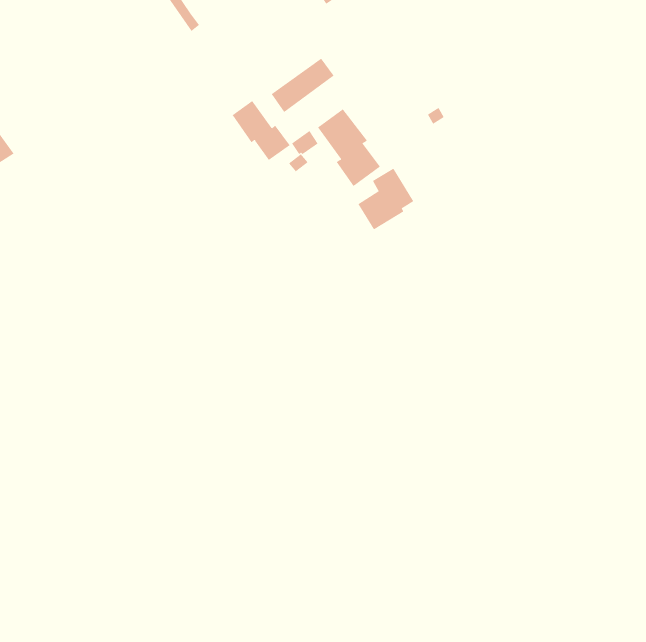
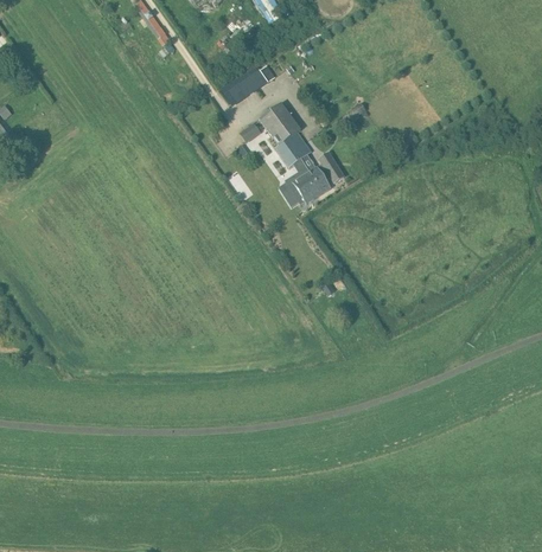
building: [232,100,291,161] -> none

